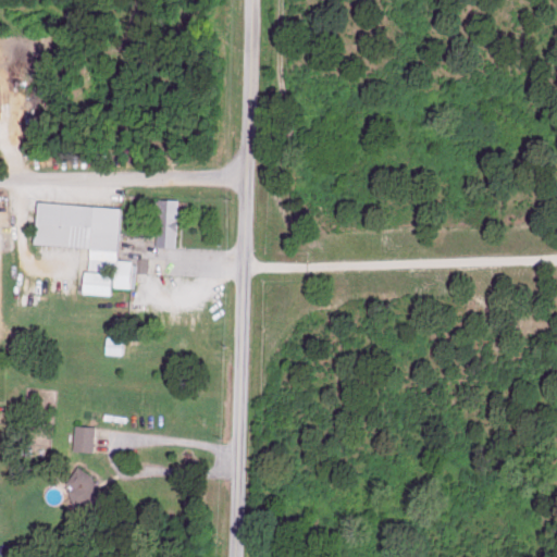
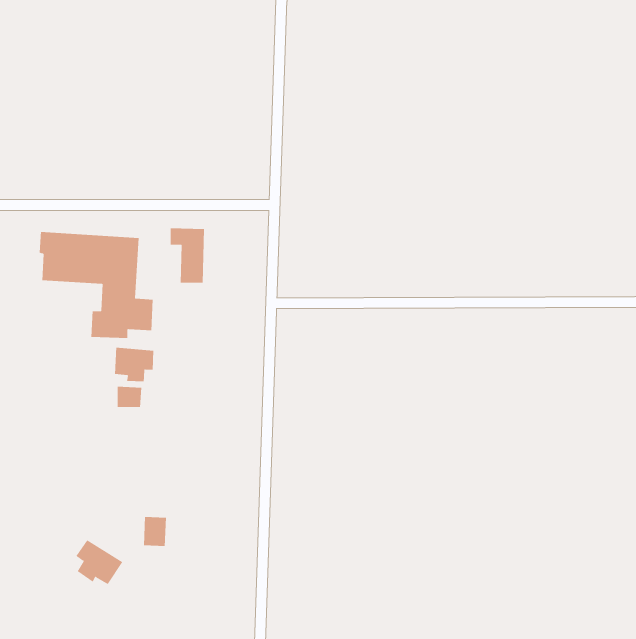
building: none -> [114,347,154,382]
building: [73,426,94,453] -> [143,516,167,547]

